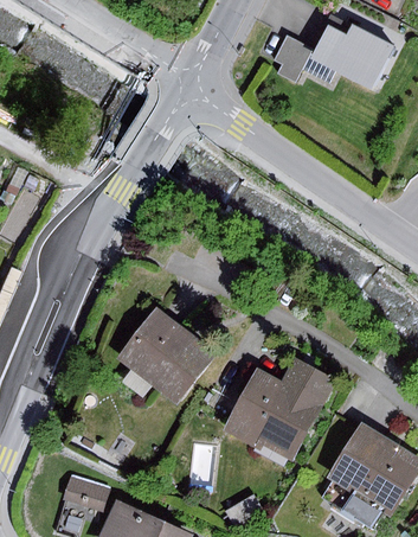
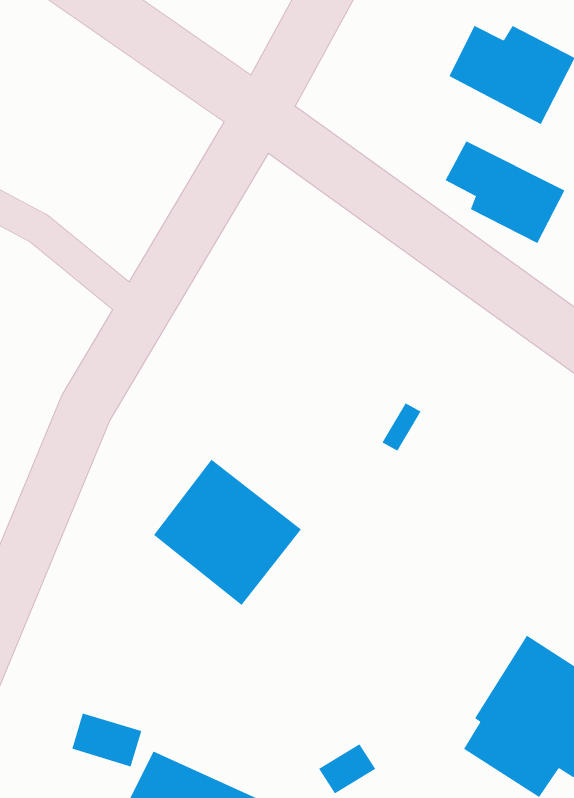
building: [272,34,313,82] -> none
building: none -> [445,140,565,244]
building: [224,357,335,465] -> none

